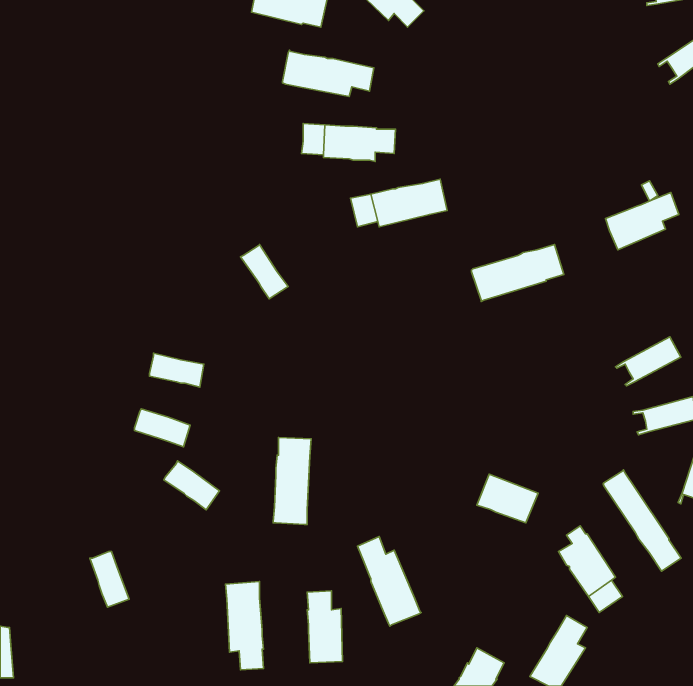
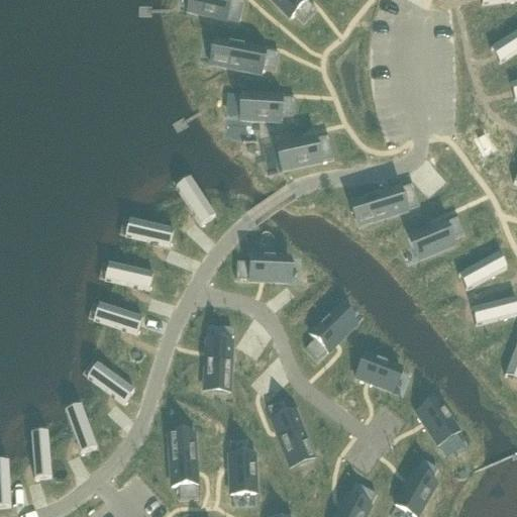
building: [606,193,679,250] -> [409,215,463,257]
building: none -> [132,219,174,243]
building: none -> [236,253,289,280]
building: none -> [305,305,355,358]
building: [164,461,220,510] -> [93,366,134,402]
building: [603,470,681,571] -> none
building: none -> [31,437,51,477]

